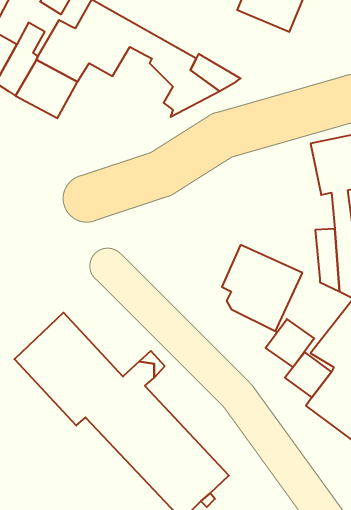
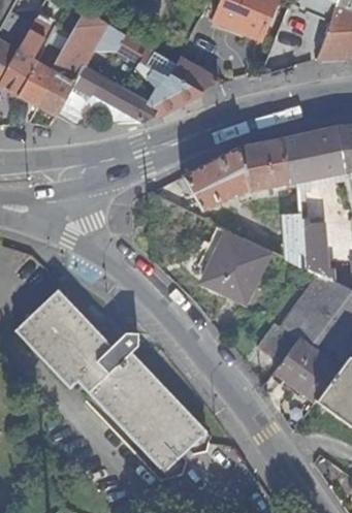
building: none -> [56,67,158,126]
building: none -> [151,138,289,215]
building: [266,319,314,367] -> none

